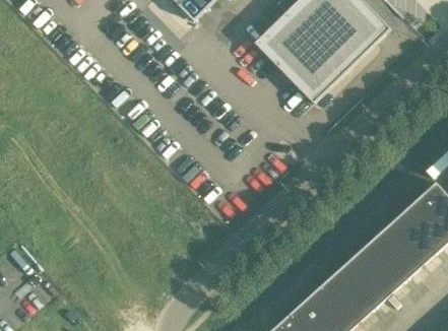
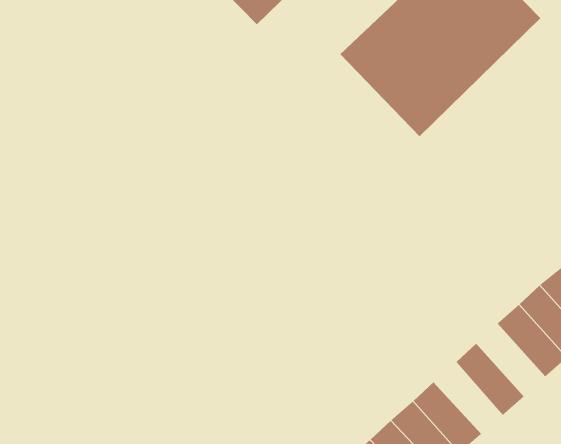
building: [355,240,405,293] -> none
building: [323,268,374,321] -> none

